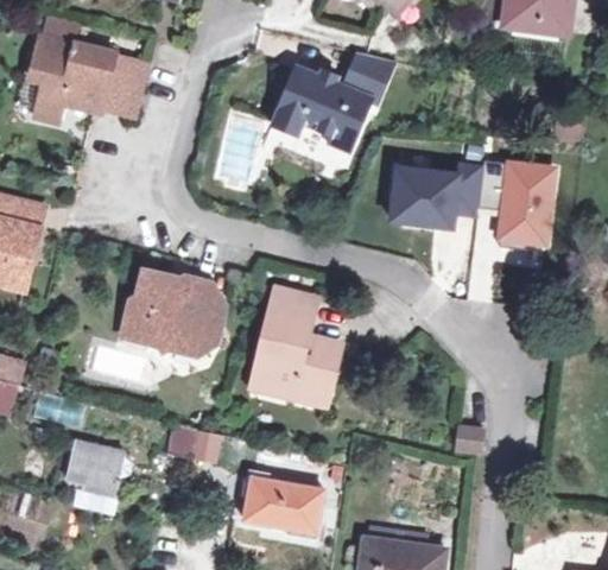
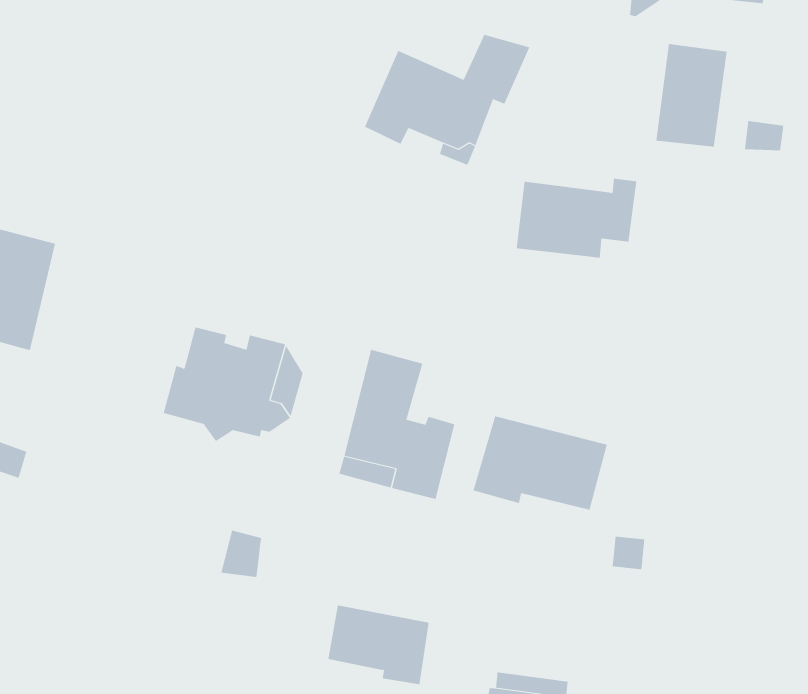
building: [32,38,151,122] -> none
building: [496,162,550,239] -> [656,43,727,147]
building: none -> [473,416,607,510]
building: [69,441,125,496] -> none

